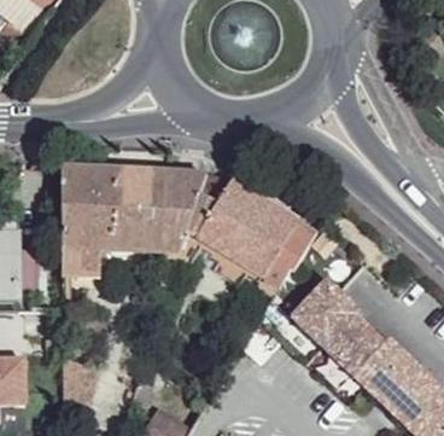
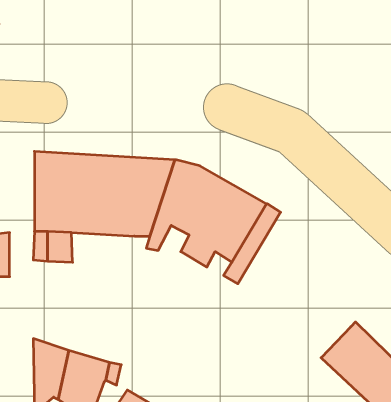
building: [293,280,384,374] -> none

